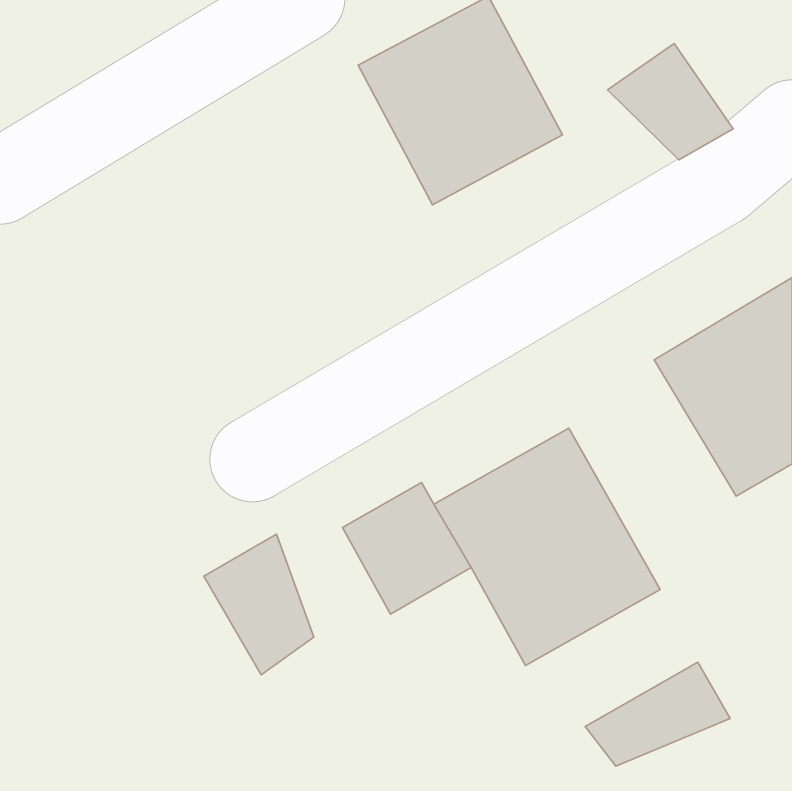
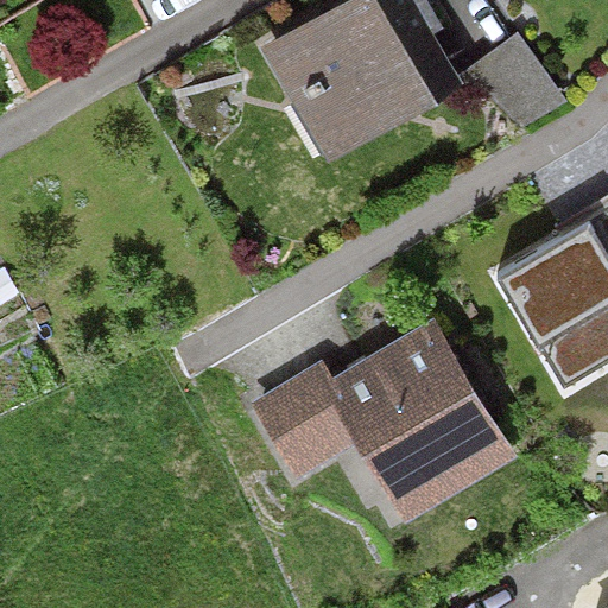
building: [204,534,314,675] -> none
building: [585,662,730,766] -> none

